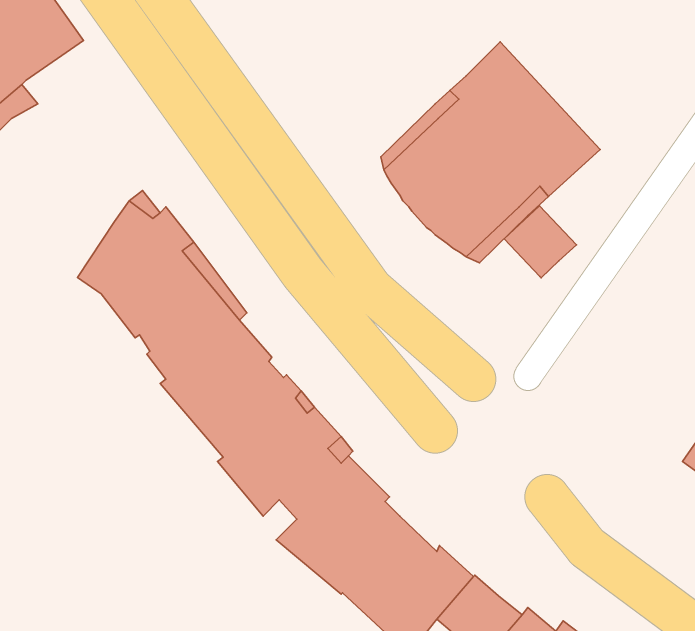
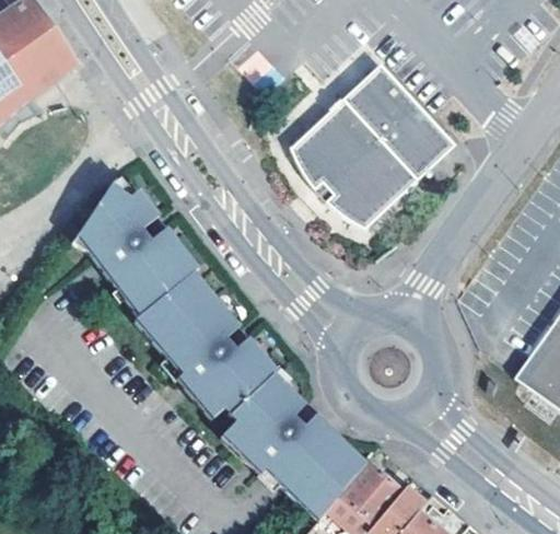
building: [504,206,576,278] -> none

